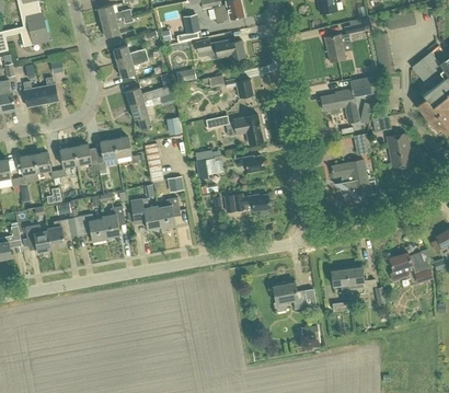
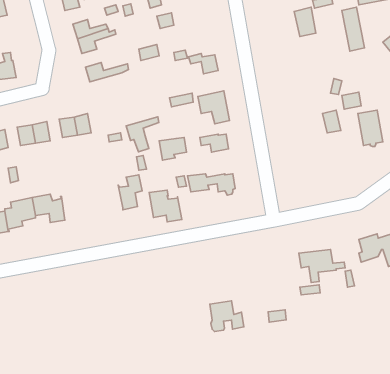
building: [214,39,245,59] -> none
building: [322,77,378,123] -> none
building: [129,96,161,130] -> [126,117,159,152]
building: [333,159,371,196] -> none
building: [129,198,161,229] -> [149,190,182,222]
building: [102,206,124,239] -> none
building: [274,284,307,313] -> [210,301,244,331]

